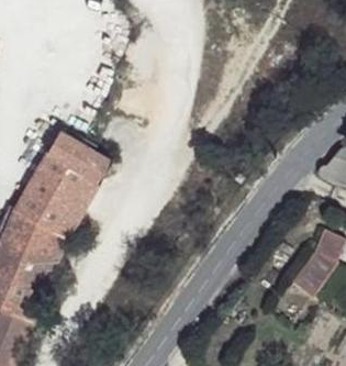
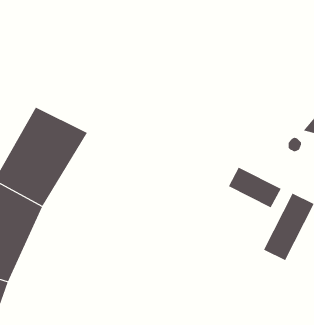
building: none -> [228,167,281,208]

